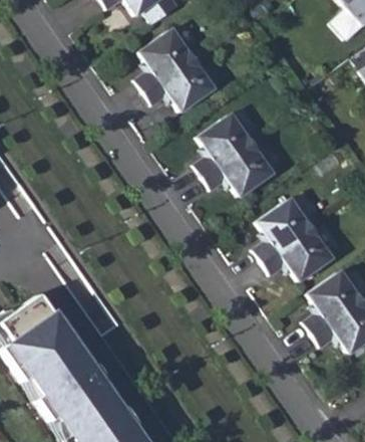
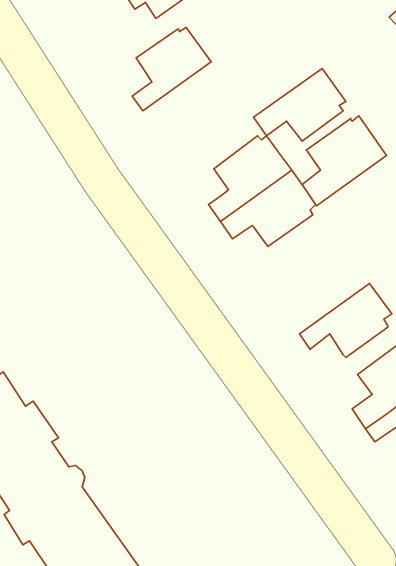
building: [144,57,215,113] -> [253,68,346,141]
building: [253,196,317,264] -> [302,116,386,206]

